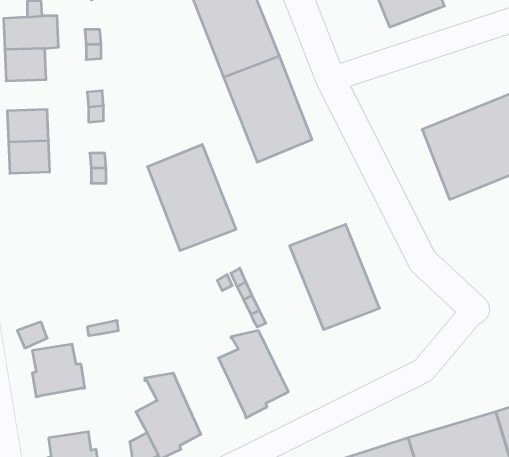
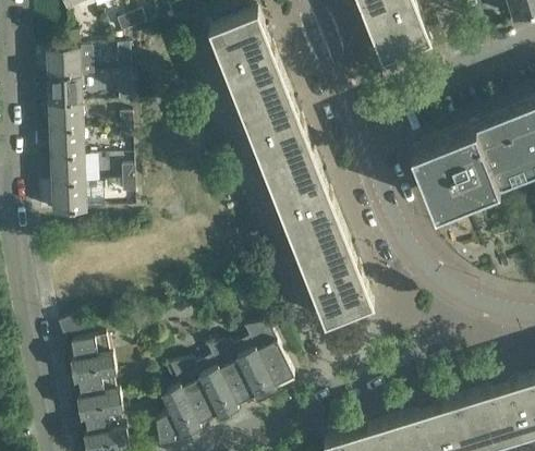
building: none -> [48,110,84,137]
building: [147,144,236,251] -> [267,162,344,255]
building: none -> [51,191,87,219]
building: none -> [197,348,256,424]
building: none -> [77,379,123,424]

